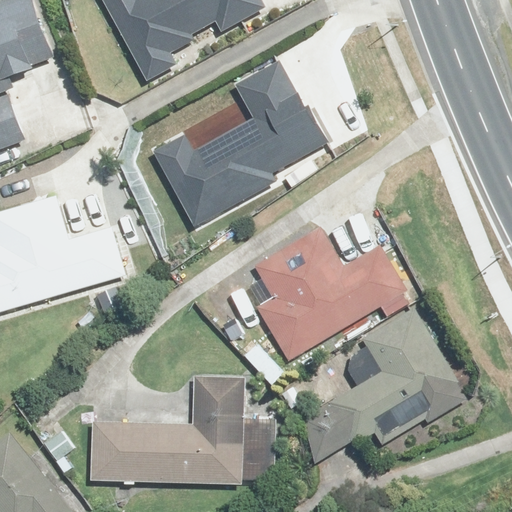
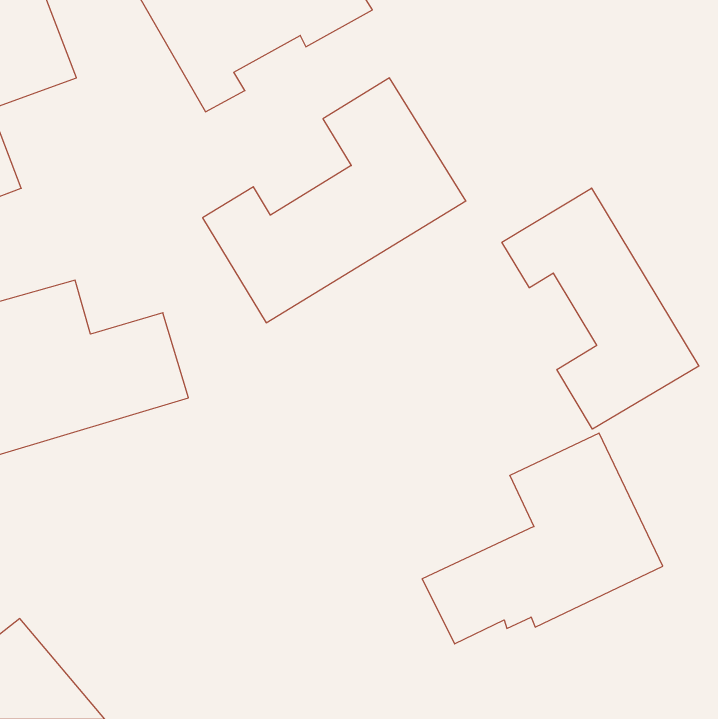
building: none -> [502,188,699,429]
building: [255,231,400,355] -> none
building: [94,372,268,485] -> none

